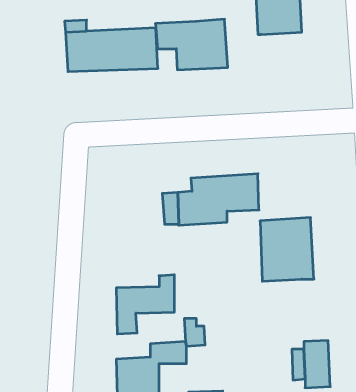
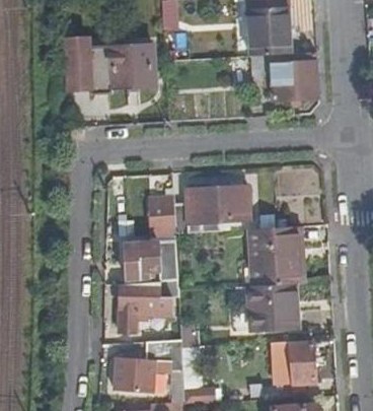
building: [155,19,228,70] -> [251,52,318,98]
building: none -> [124,239,178,279]
building: none -> [248,282,297,328]

